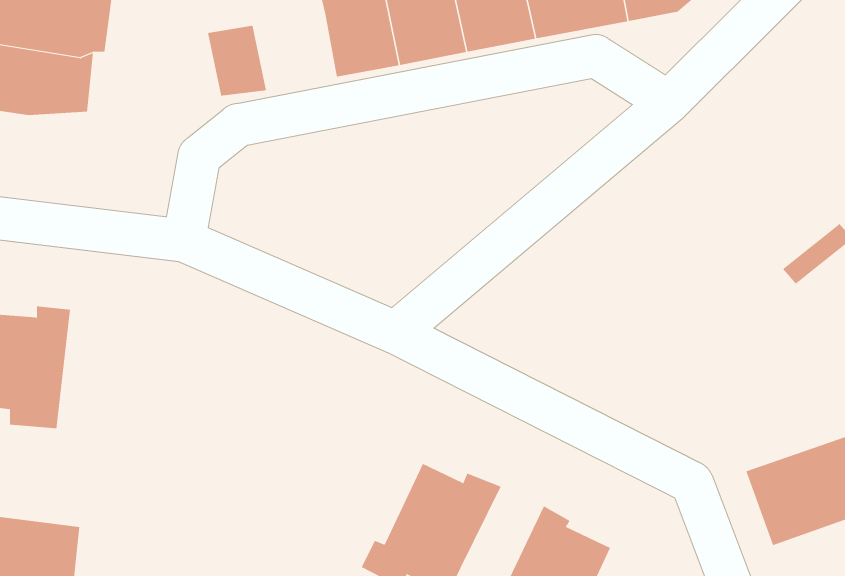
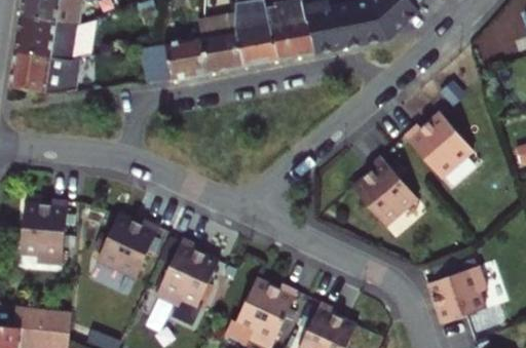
building: none -> [165,39,210,80]
building: none -> [404,112,473,179]
building: none -> [352,156,418,227]
building: none -> [96,215,158,278]
building: none -> [154,238,218,307]

